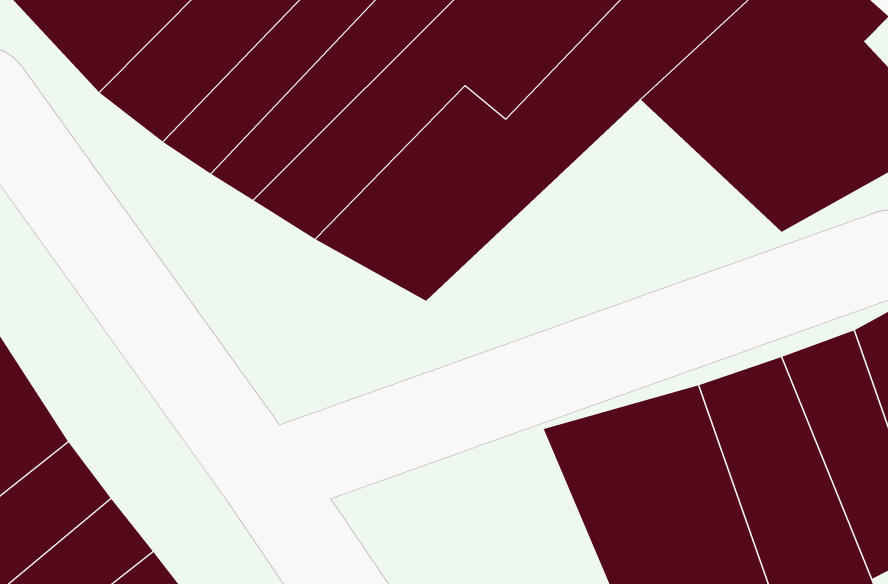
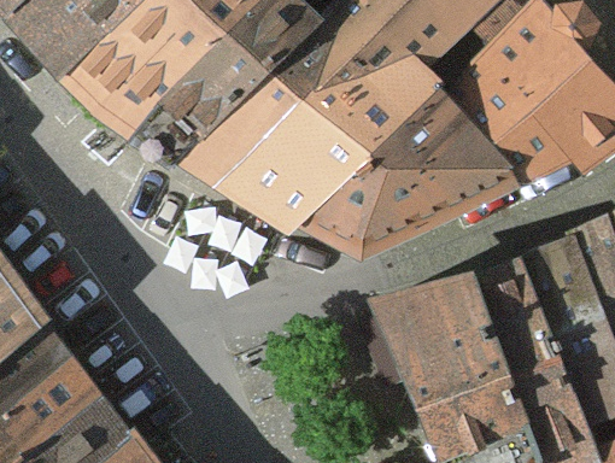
building: none -> [294,92,537,256]

